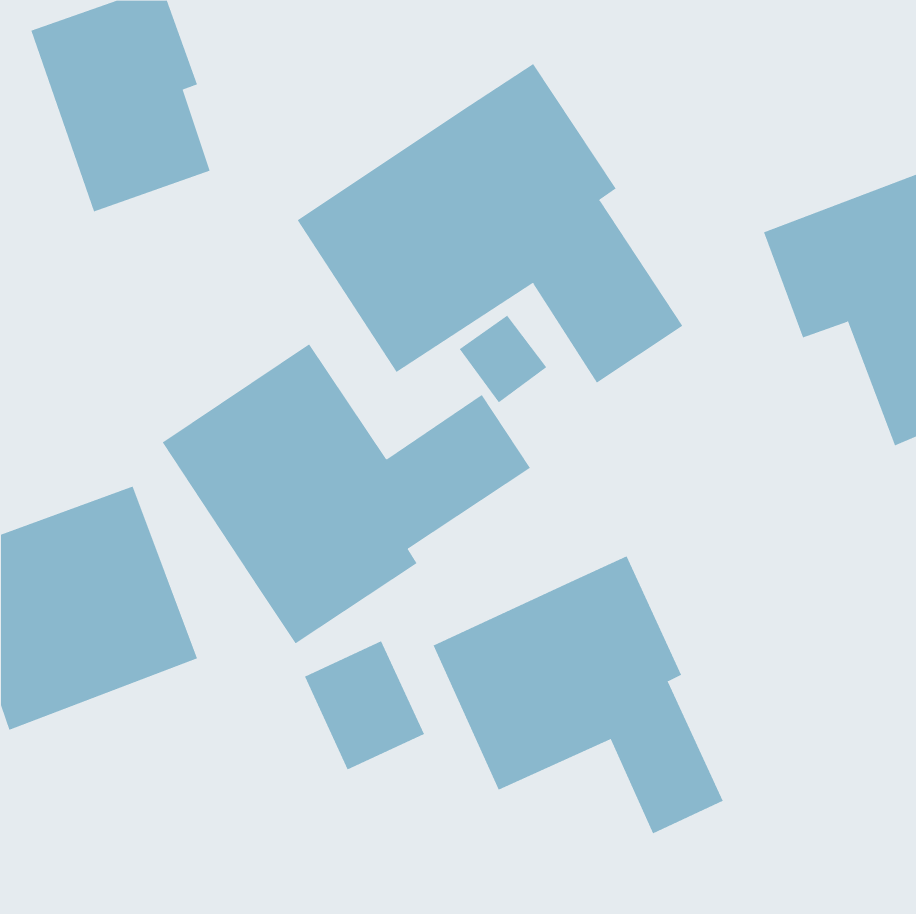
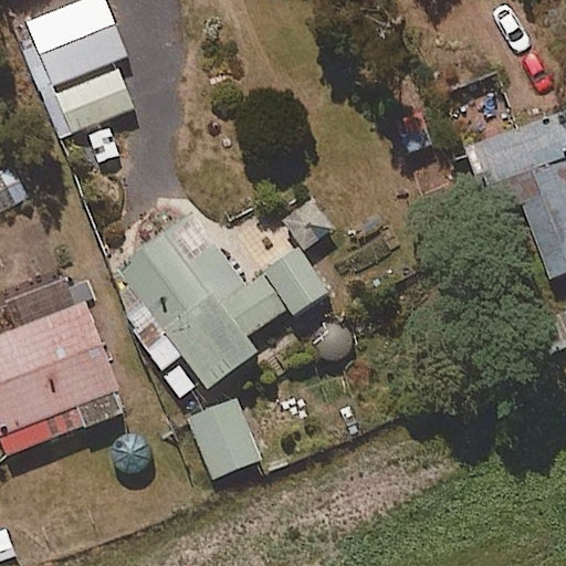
building: [297,63,683,383] -> none
building: [433,556,724,834] -> none

